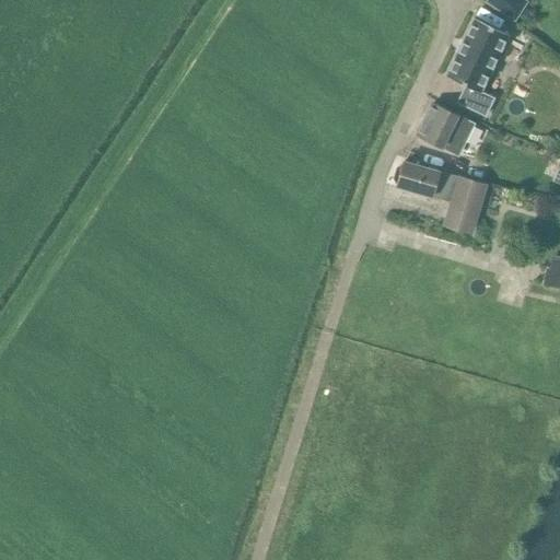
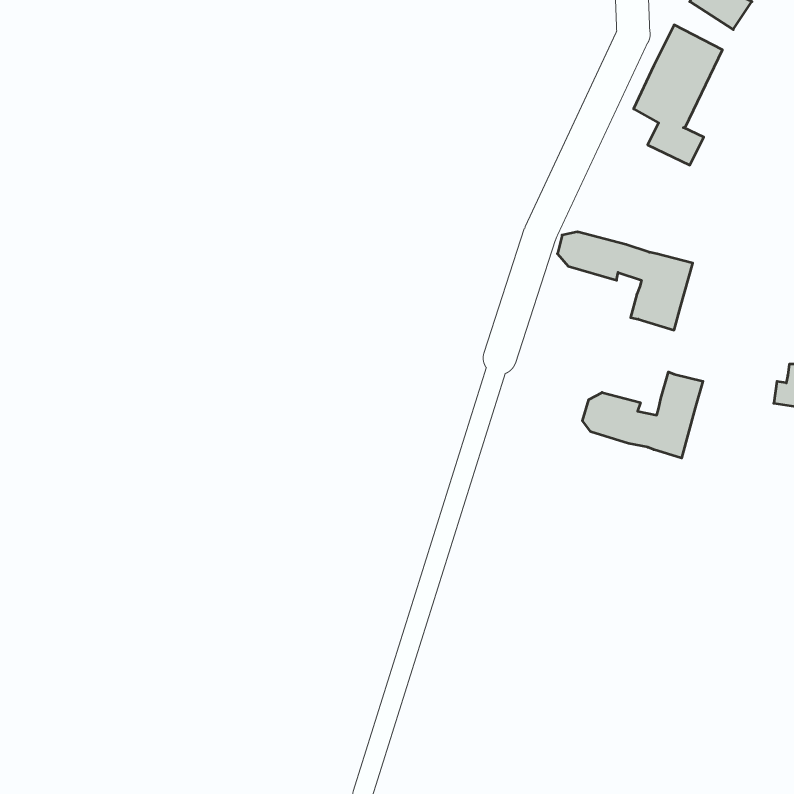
building: [418,103,475,155] -> none
building: none -> [582,372,703,458]

